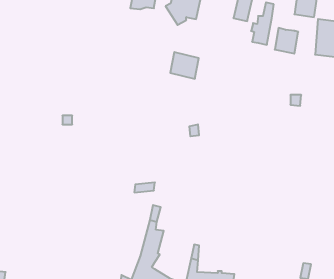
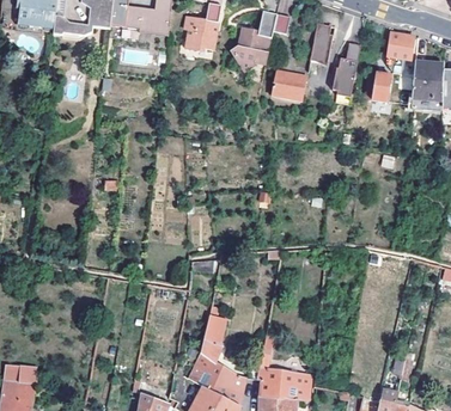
building: [170,52,199,79] -> [274,70,309,103]

